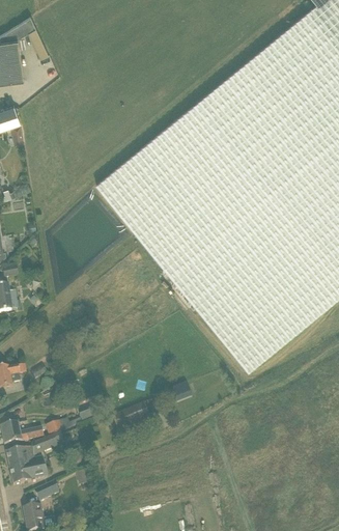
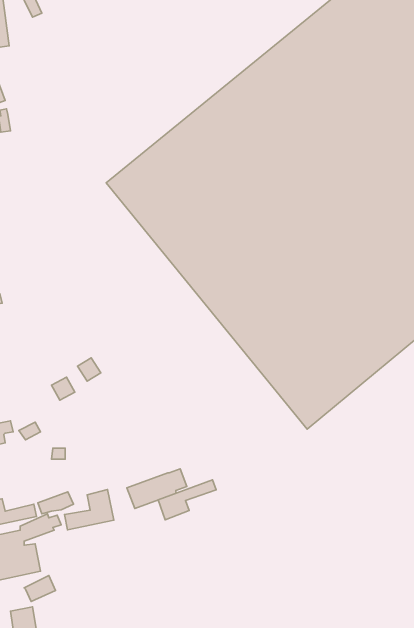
building: none -> [158,480,216,520]
building: none -> [64,489,114,530]

